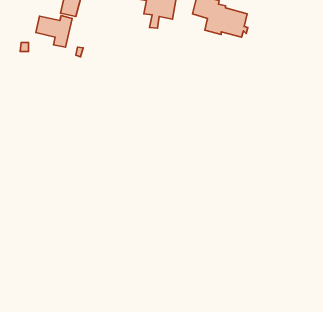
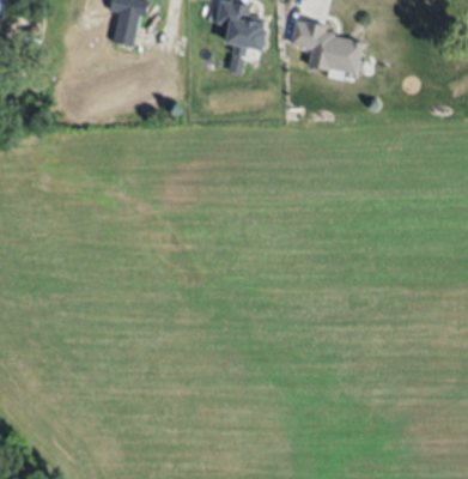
building: [36,16,72,47] -> none

